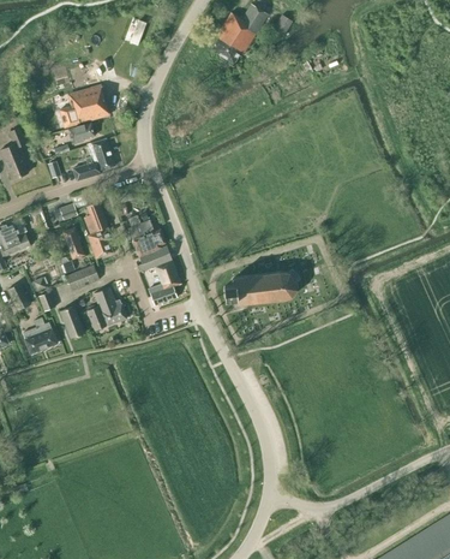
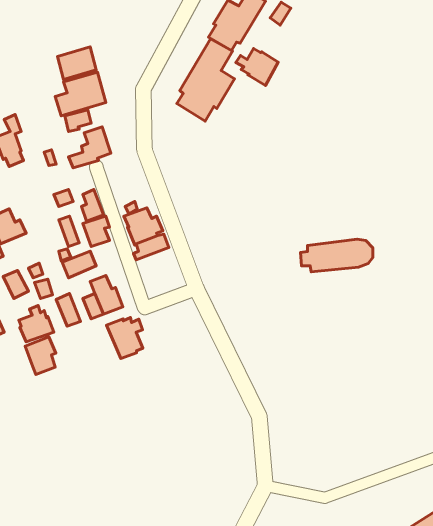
building: none -> [177,39,234,121]
building: none -> [236,48,278,86]
building: [150,261,180,305] -> none
building: [224,273,296,305] -> [300,239,373,272]
building: none -> [106,317,143,359]
building: none -> [25,337,56,375]

